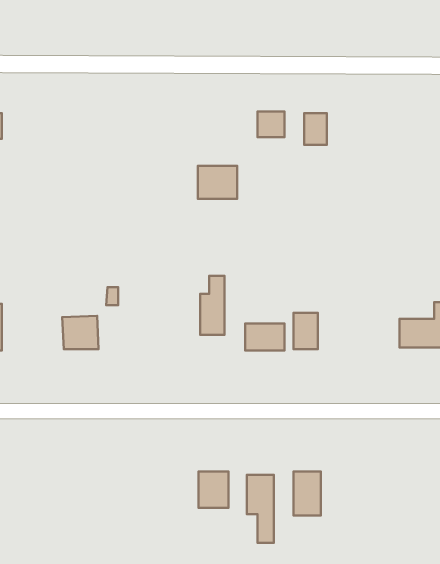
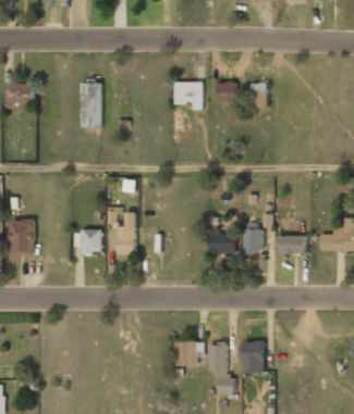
building: none -> [82,81,101,127]
building: [198,166,237,199] -> [174,81,203,105]
building: [200,276,224,335] -> [118,212,135,254]
building: none -> [277,235,305,254]

